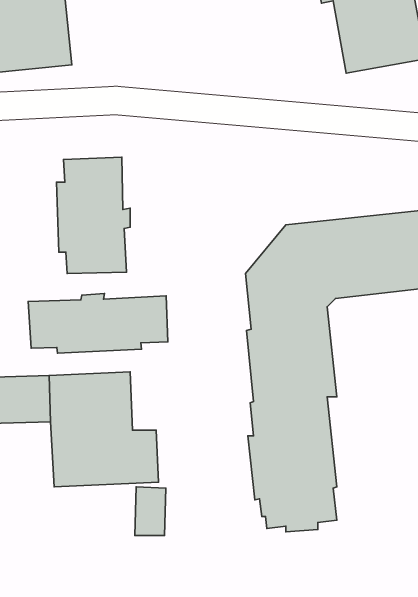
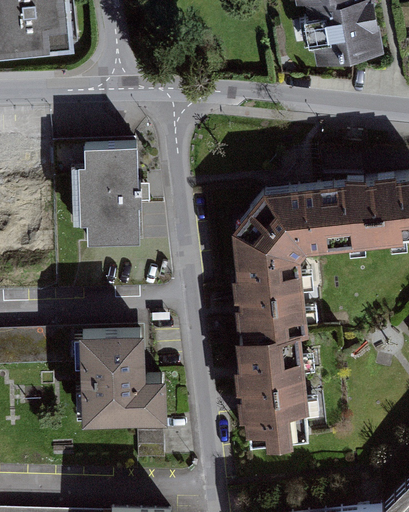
building: [28,294,168,353] -> none

